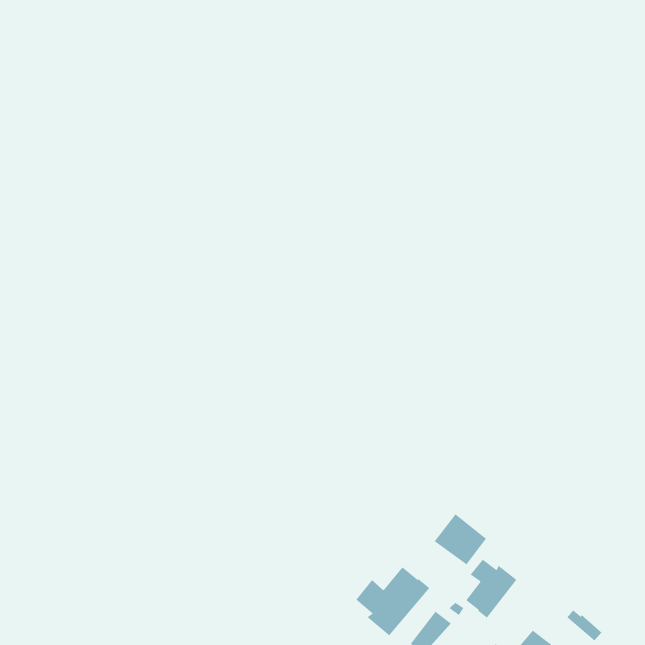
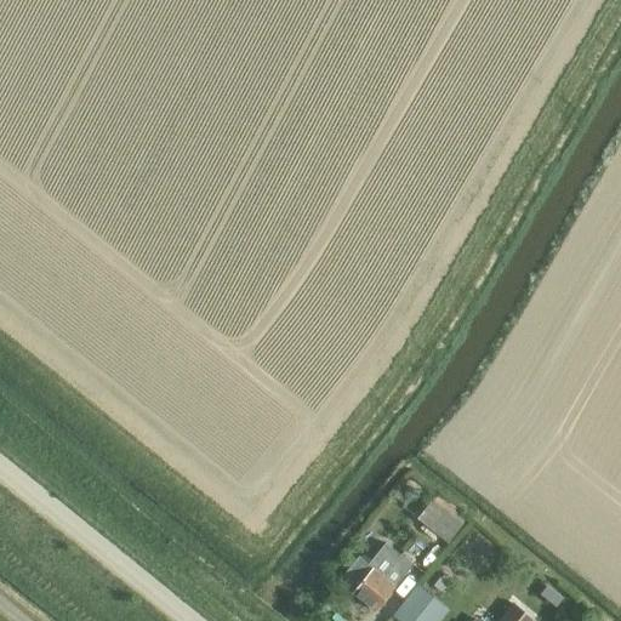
building: [465,559,517,619] -> none

